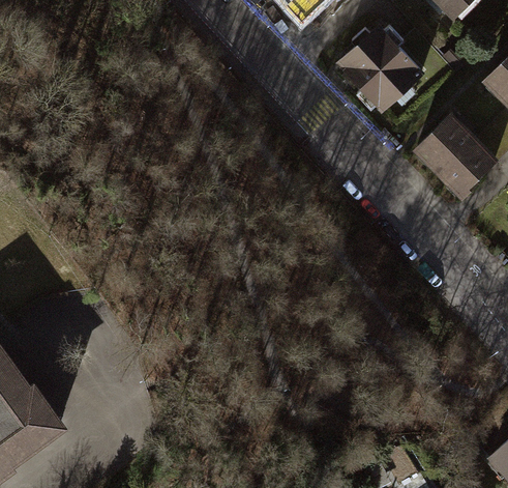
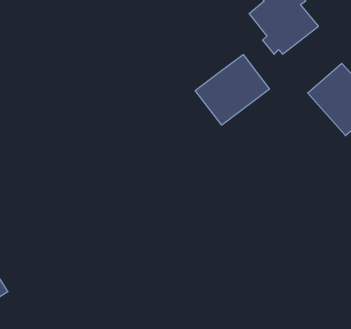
building: none -> [195,55,270,125]

